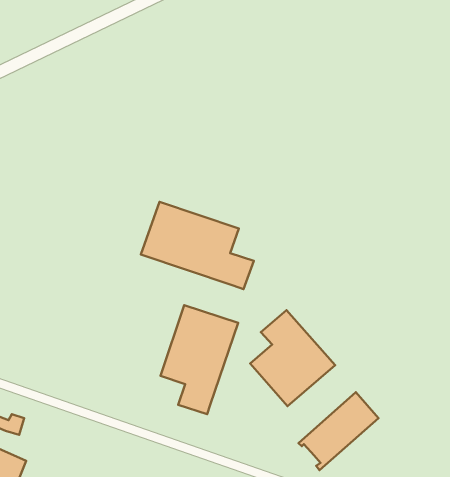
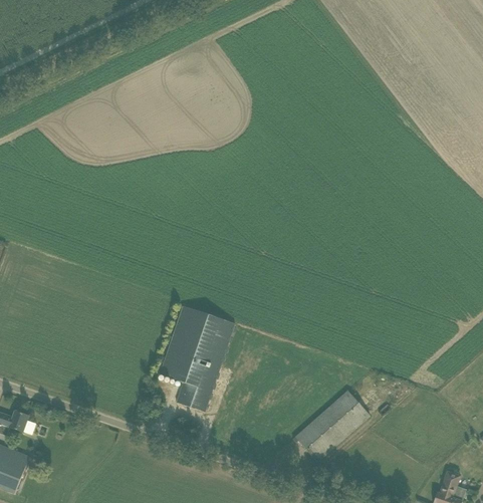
building: [141,202,254,289] -> none
building: [250,310,335,406] -> none

